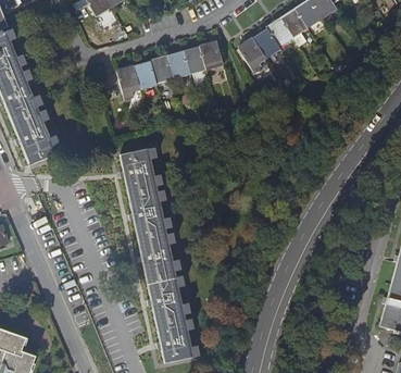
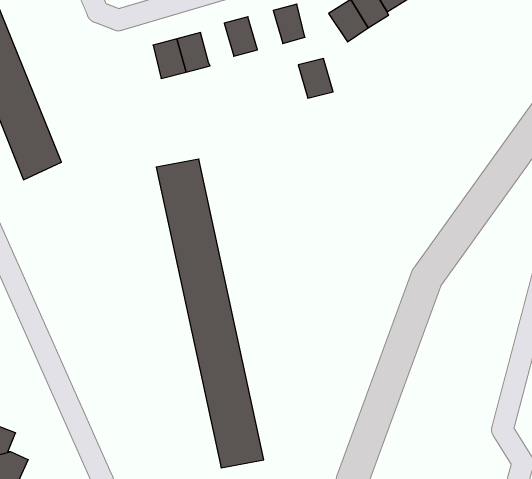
building: [184,47,208,74] -> [298,59,333,98]
building: [151,55,174,83] -> none

